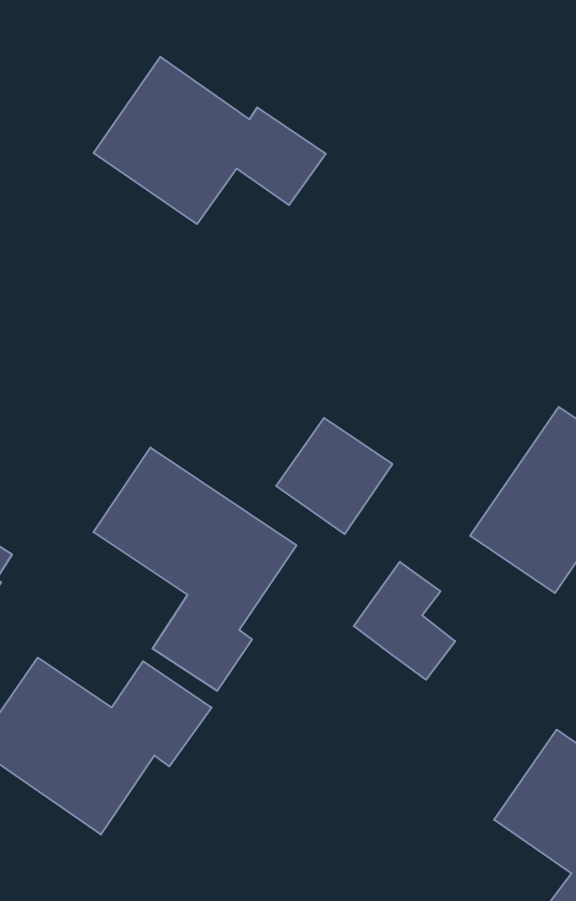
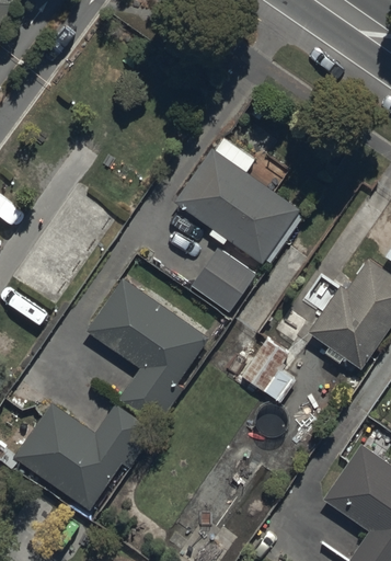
building: [94,57,326,224] -> none
building: none -> [173,149,296,261]

